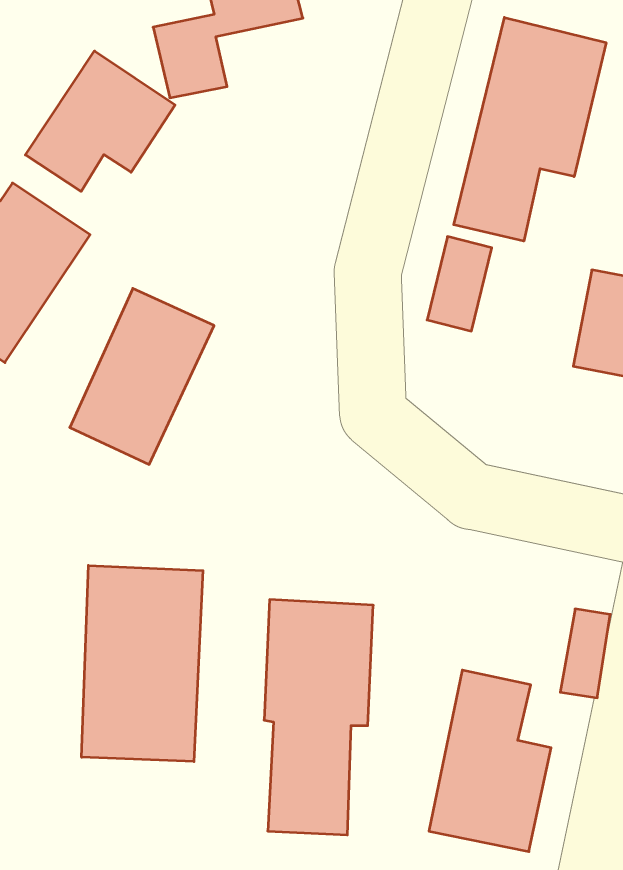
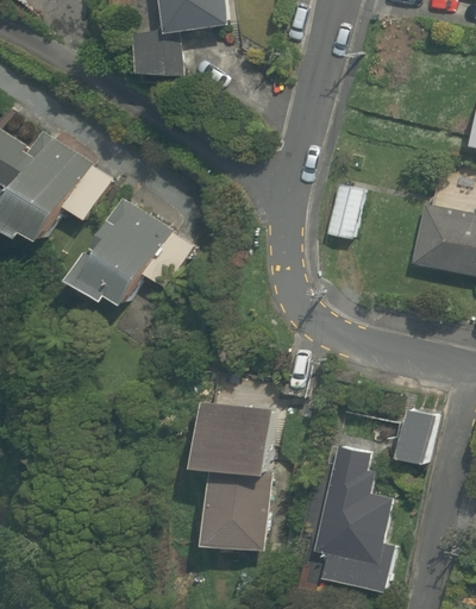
building: [454,17,606,241] -> none
building: [25,51,175,191] -> none
building: [82,565,203,762] -> none

